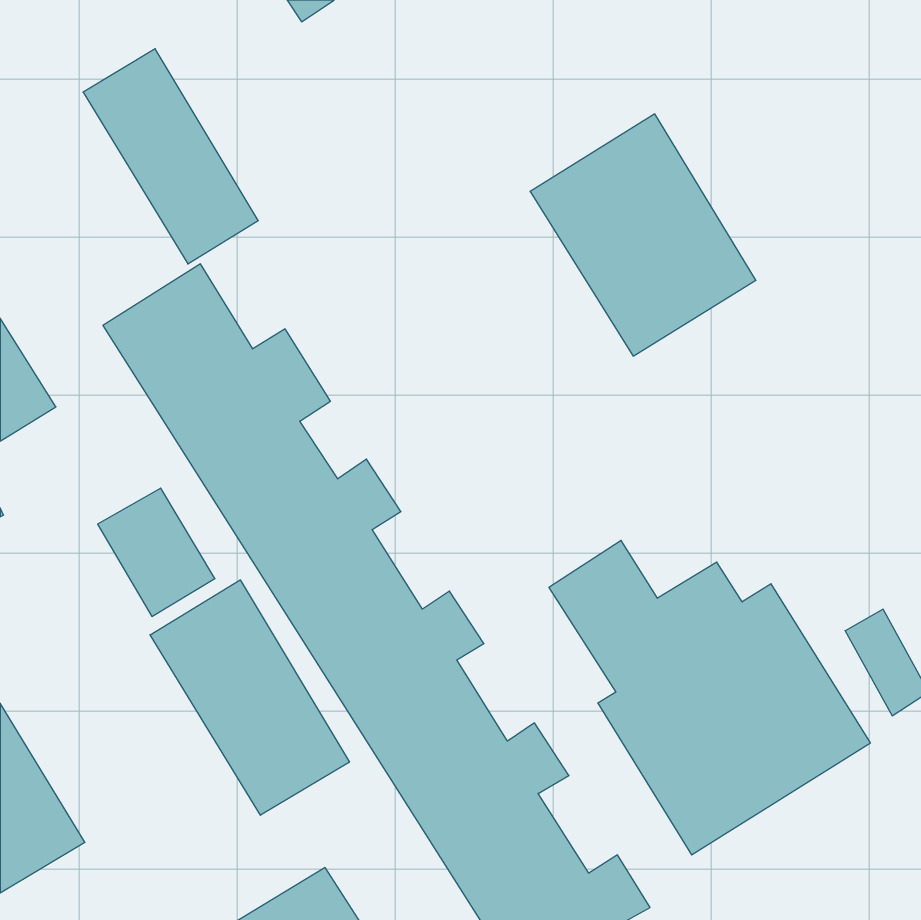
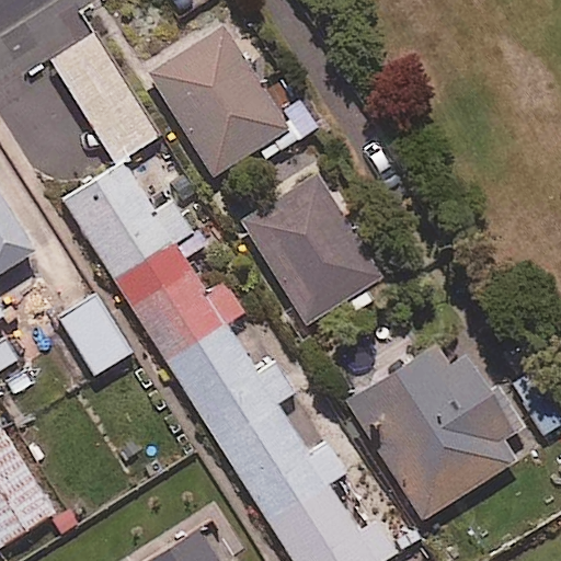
building: none -> [148,23,317,175]
building: [530,114,756,356] -> [243,175,380,322]
building: [150,580,349,815] -> none

